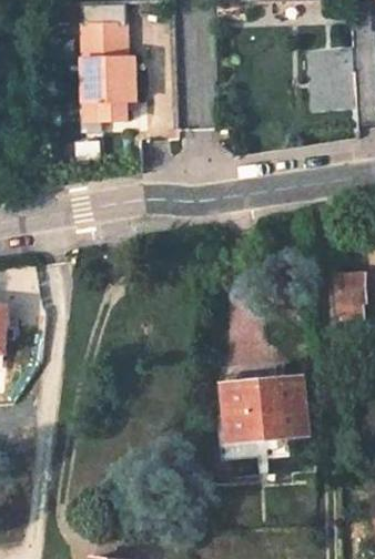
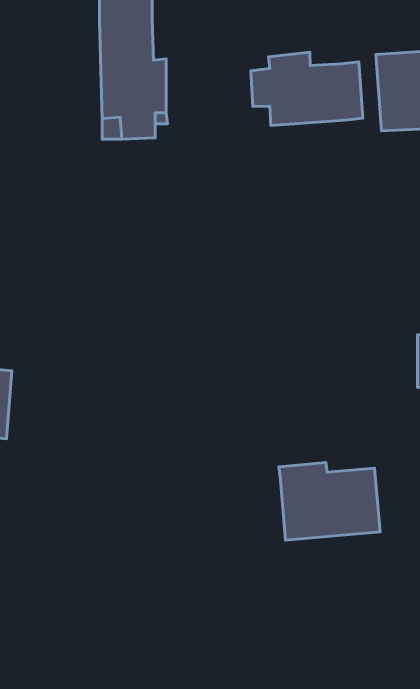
building: none -> [251,52,363,126]

